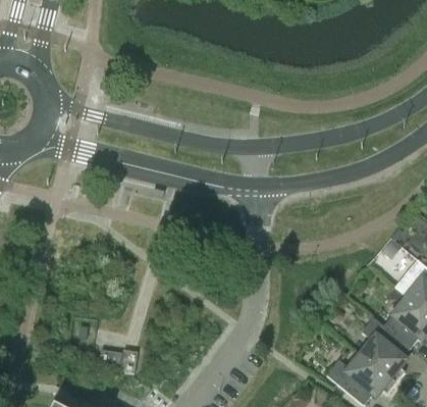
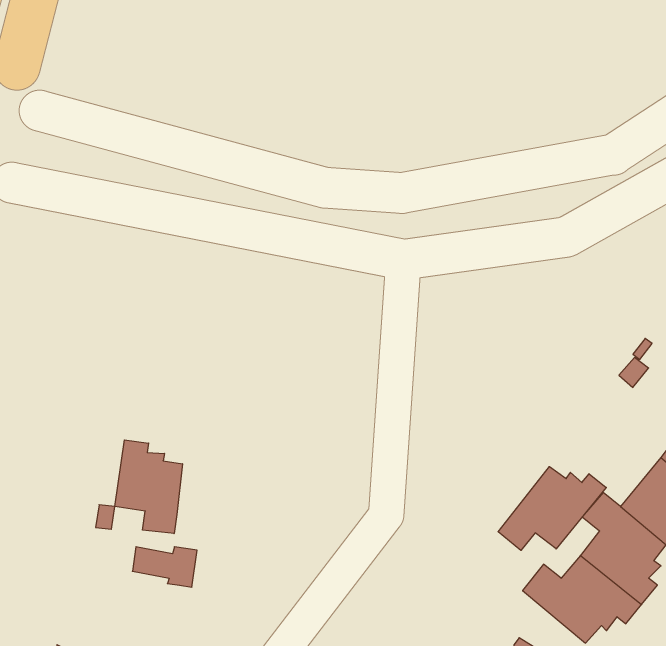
building: none -> [115,440,182,534]
building: none -> [498,467,606,550]

